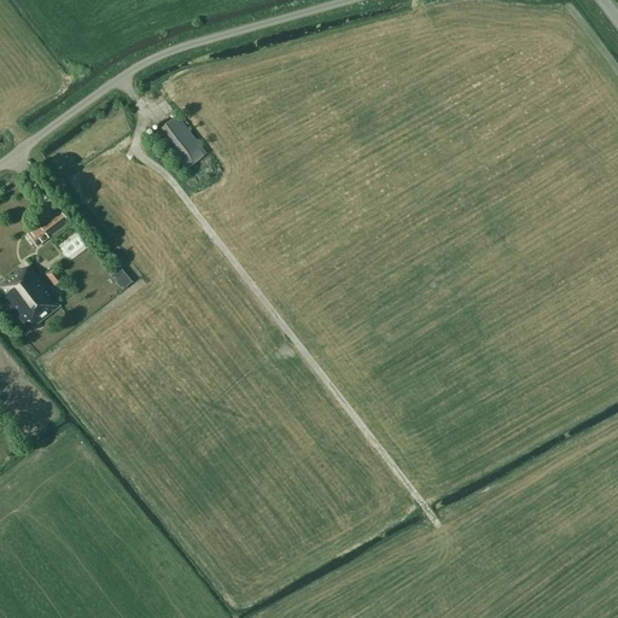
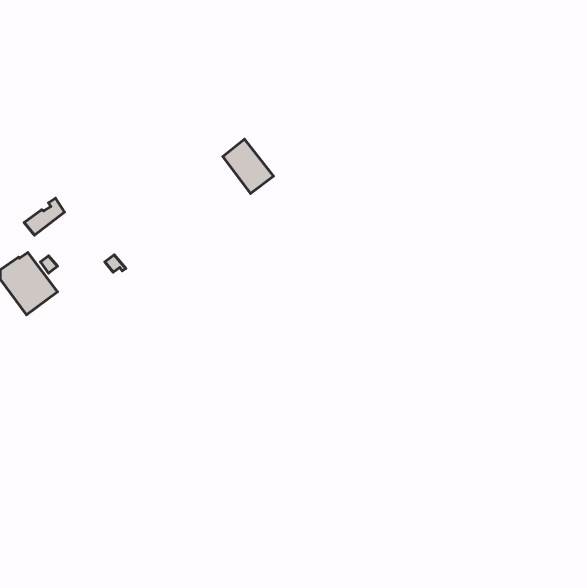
building: [156,115,209,171] -> [223,139,273,193]

